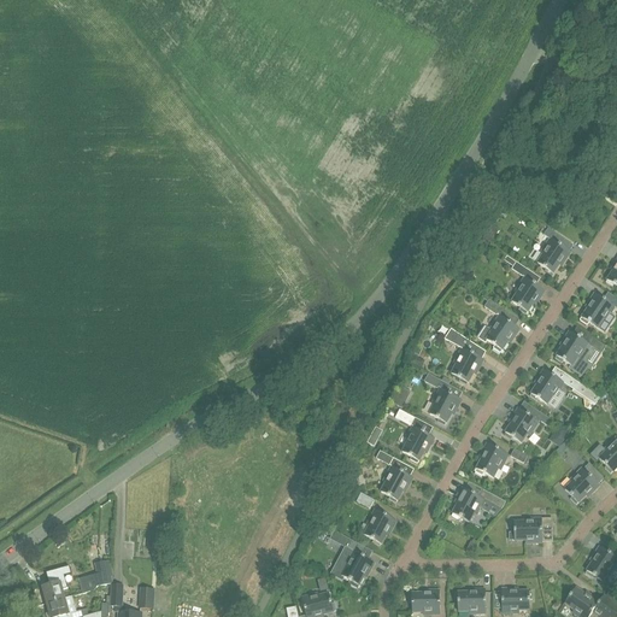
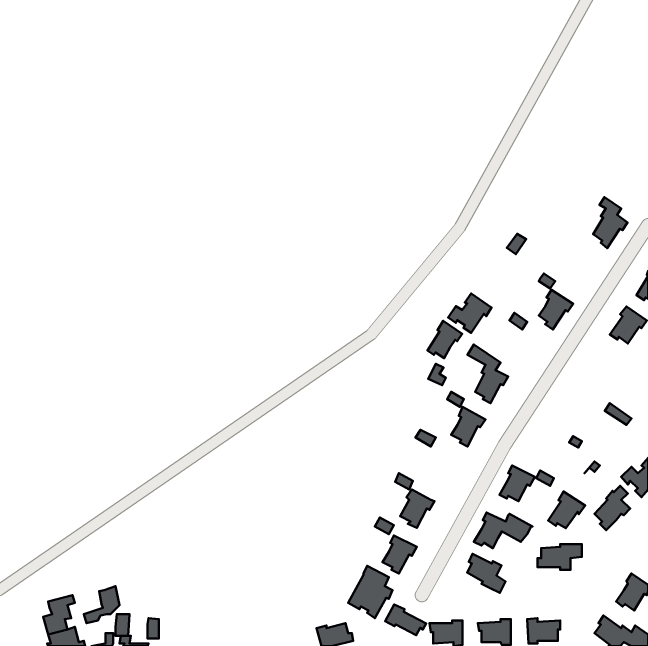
building: [536,225,569,274] -> [593,197,627,248]
building: none -> [428,321,462,358]
building: [477,312,518,349] -> [448,293,491,333]
building: [553,329,605,374] -> none
building: [528,366,564,407] -> none
building: [503,405,537,440] -> [548,491,585,528]
building: [401,424,433,460] -> none
building: none -> [467,554,505,593]
building: none -> [385,605,426,635]

